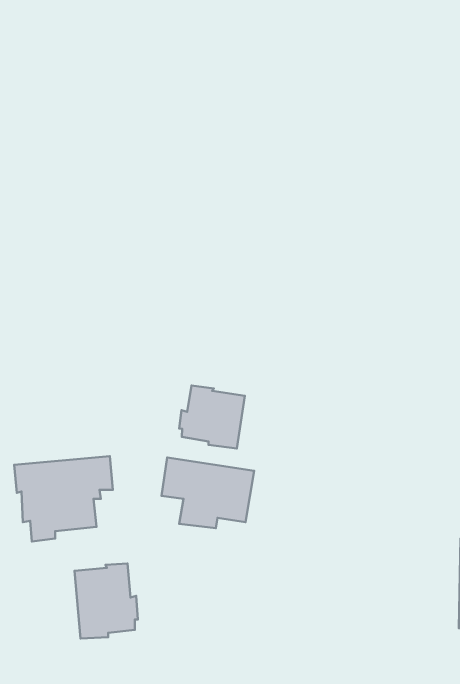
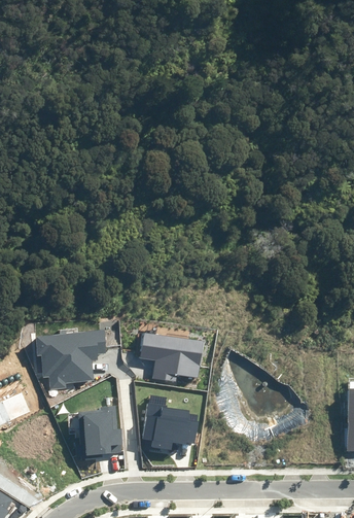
building: [179,386,245,449] -> none
building: none -> [142,403,199,450]

